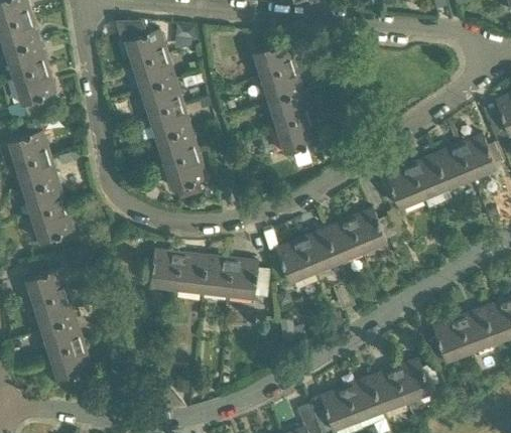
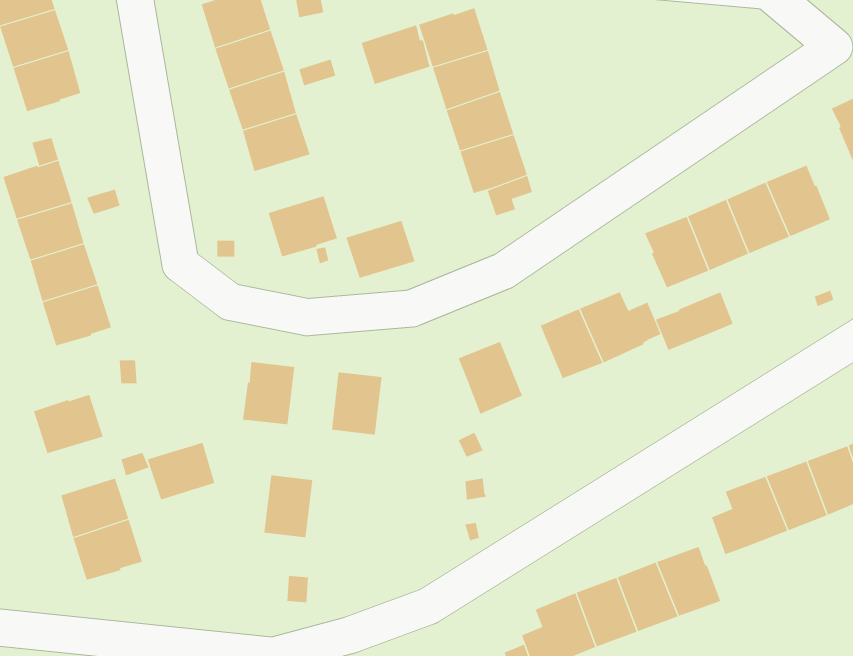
building: none -> [361,25,430,85]
building: [155,130,197,164] -> [345,220,416,278]
building: none -> [655,291,733,351]
building: [300,231,337,272] -> none
building: [175,255,205,292] -> [264,475,313,538]
building: [227,261,266,298] -> none
building: [33,296,74,330] -> [147,442,215,500]

